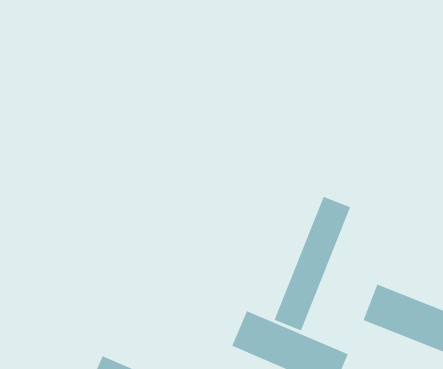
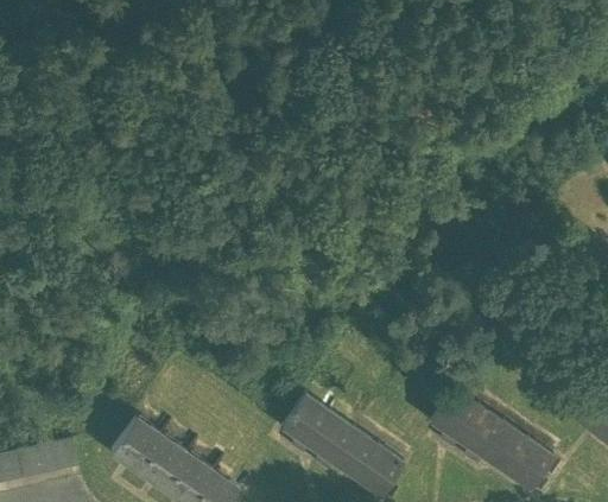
building: [274,196,351,331] -> none

